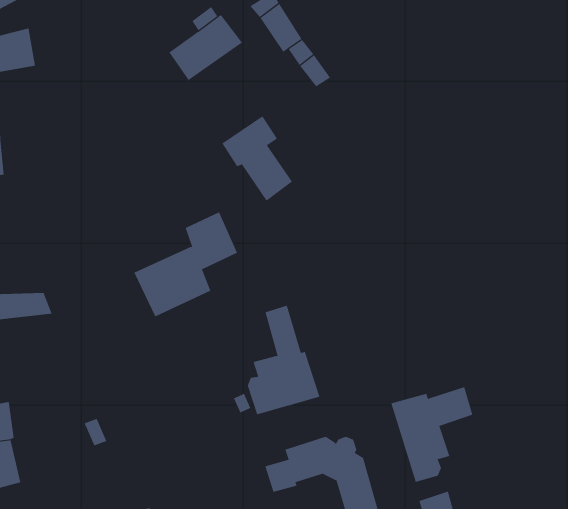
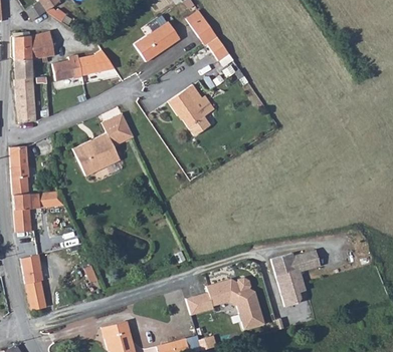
building: none -> [52,49,114,78]
building: [133,211,238,317] -> [72,113,136,178]
building: [247,305,320,415] -> none

